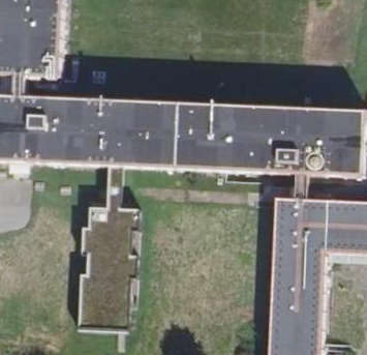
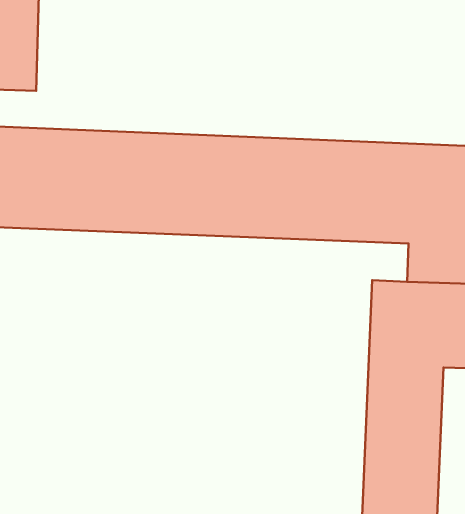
building: [81,167,141,326] -> none

